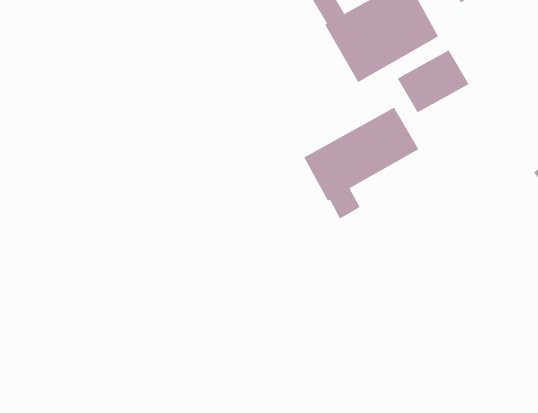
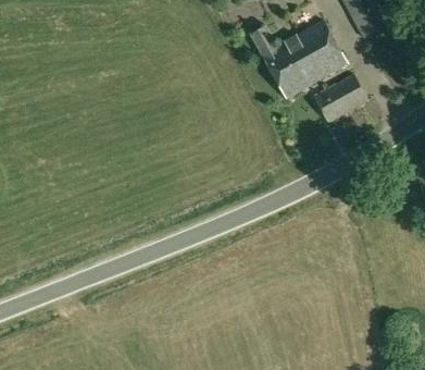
building: [303,107,419,219] -> none

